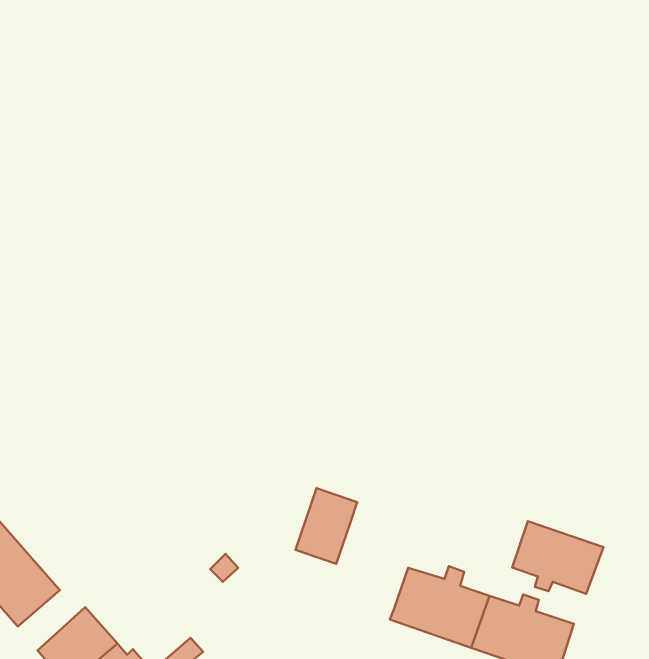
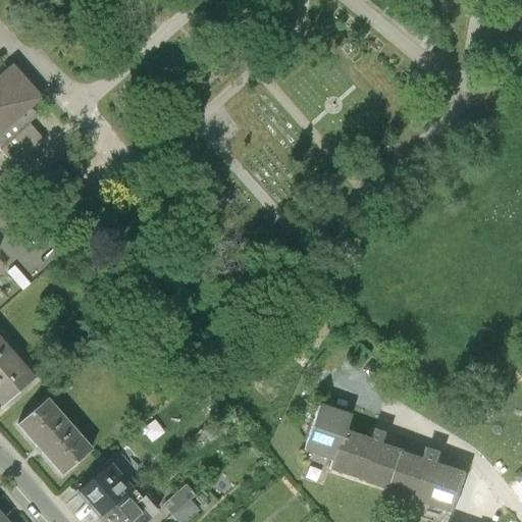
building: [295,488,357,564] -> [305,405,350,460]
building: [512,521,604,594] -> none

